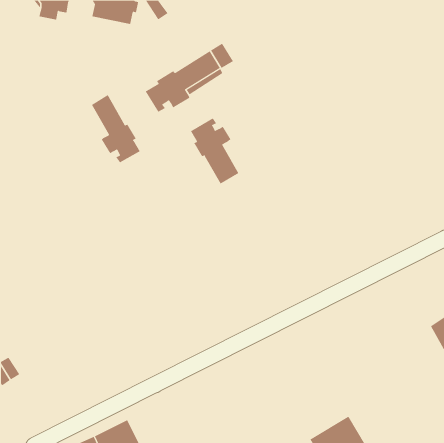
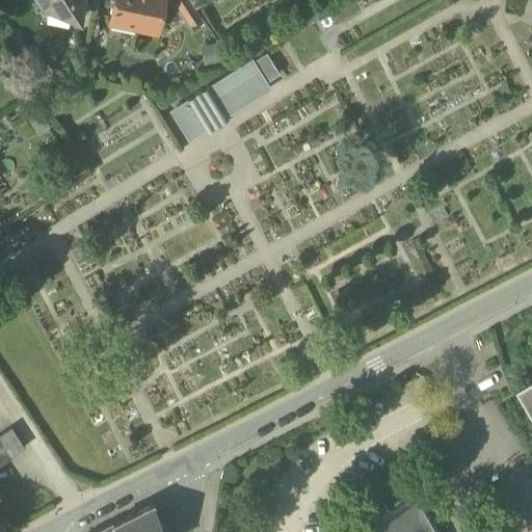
building: [91,94,140,163] -> none
building: [190,118,239,185] -> none

